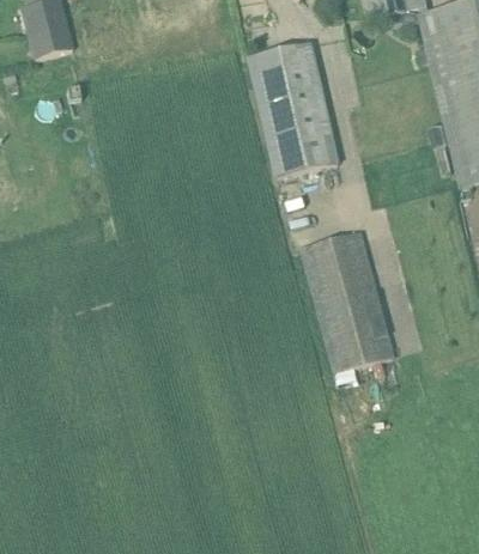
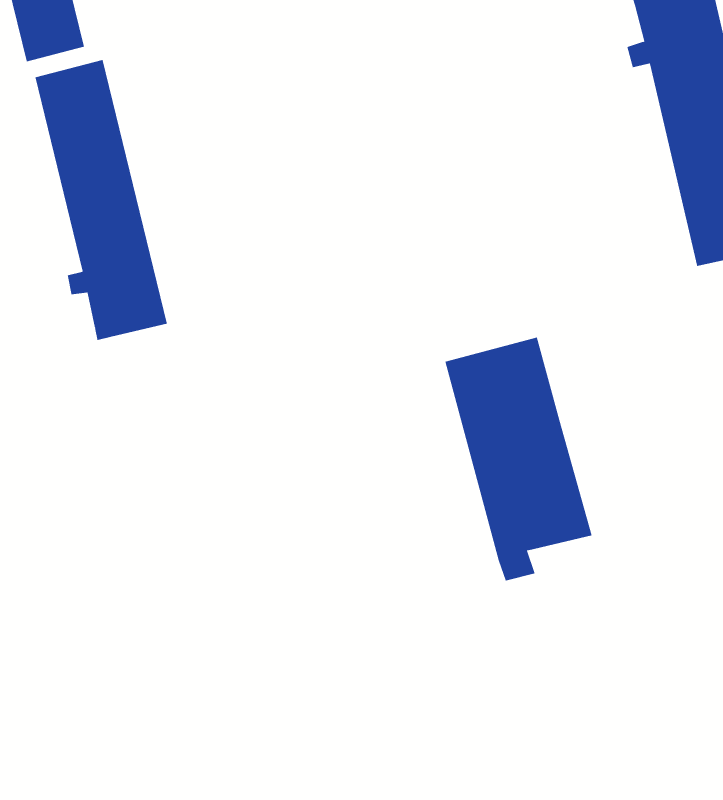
building: [247,42,340,177] -> none
building: none -> [35,59,167,341]

